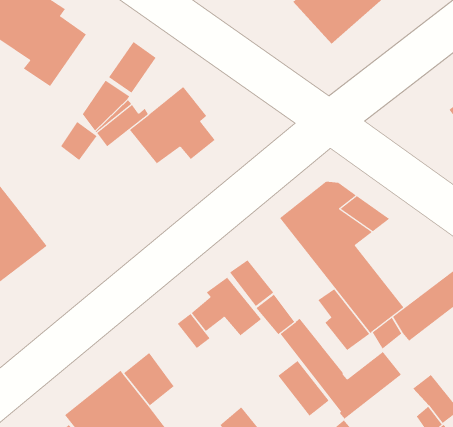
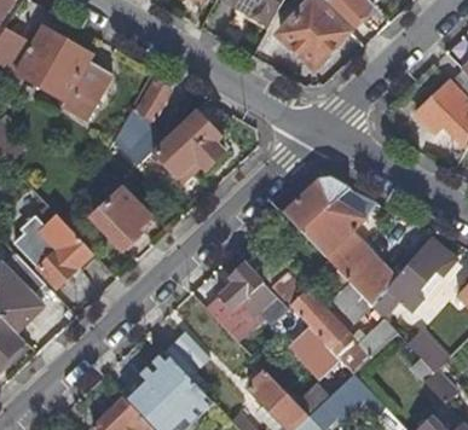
building: none -> [94,188,152,250]

